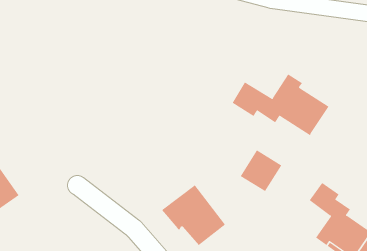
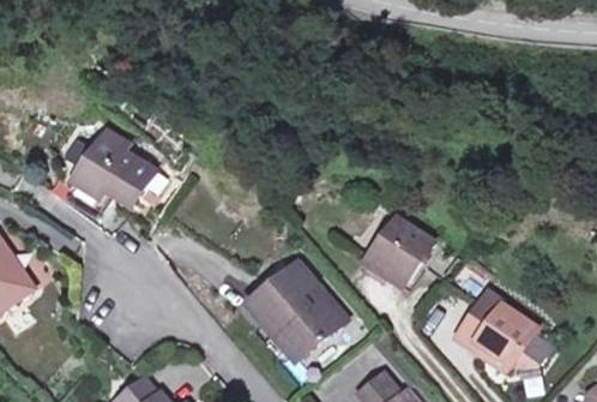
building: none -> [65,114,157,205]
building: [232,74,329,136] -> none

